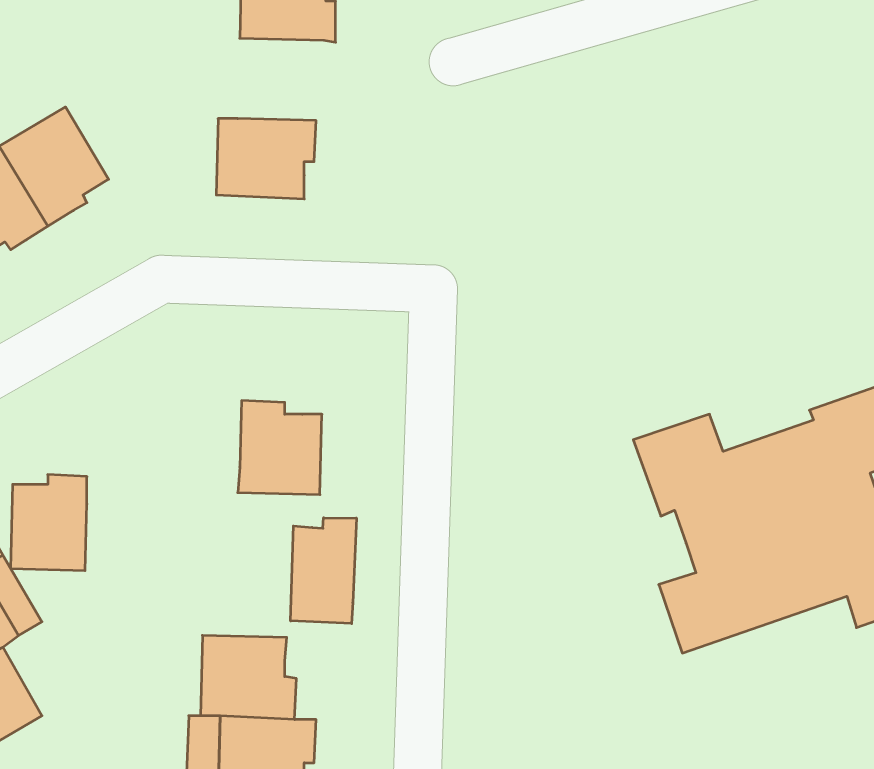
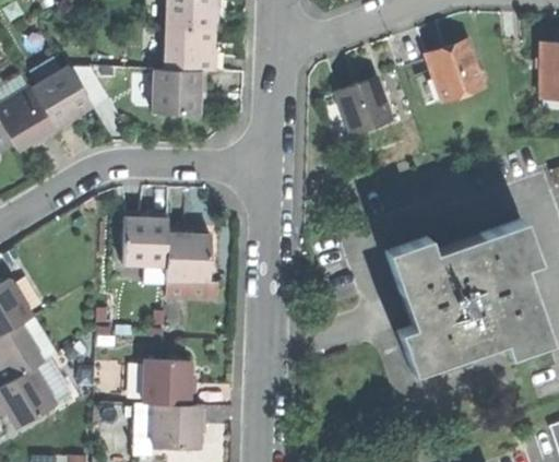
building: none -> [164,27,217,73]
building: none -> [429,46,486,103]
building: none -> [337,78,392,134]
building: [11,475,87,571] -> [123,213,166,266]
building: [291,518,356,624] -> none

